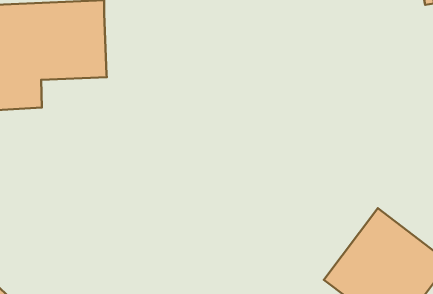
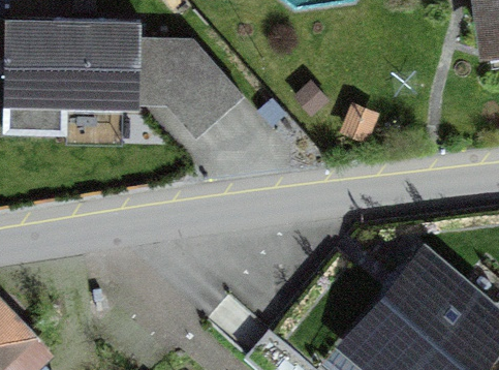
building: none -> [138,35,243,135]

